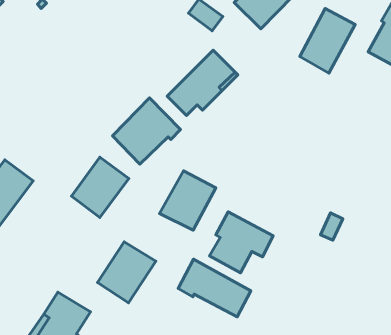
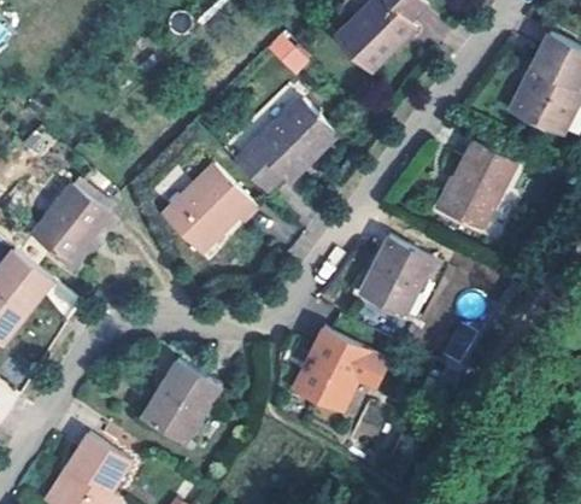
building: [300,9,355,73] -> [435,142,511,230]
building: [72,157,129,217] -> [33,183,111,265]
building: [160,171,216,230] -> [357,234,434,315]
building: [178,259,251,317] -> none

